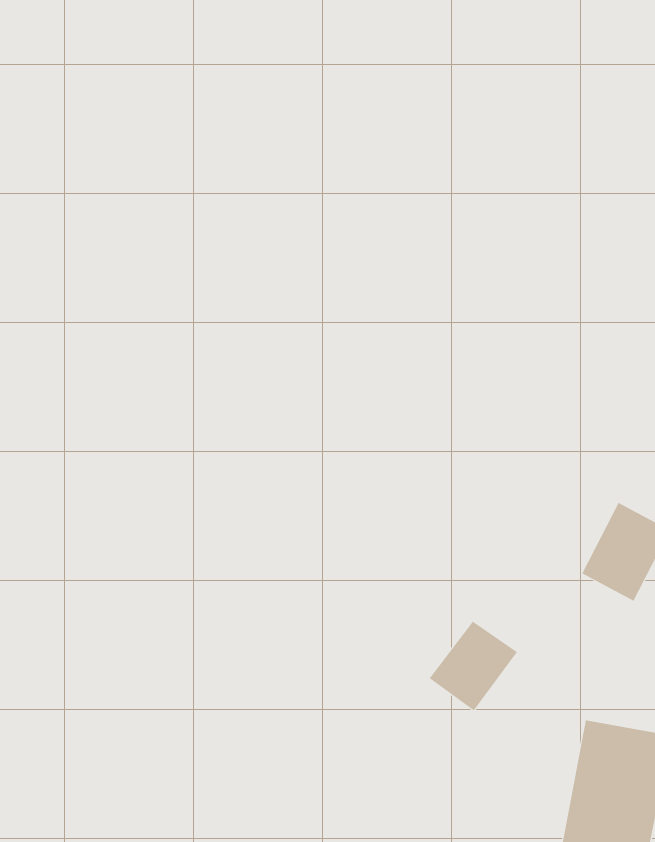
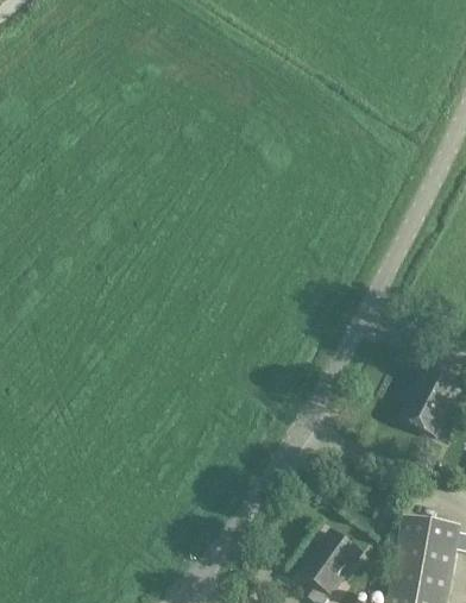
building: [429,621,518,711] -> [302,533,363,595]

